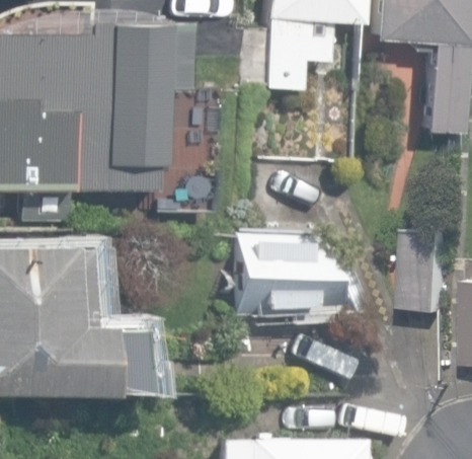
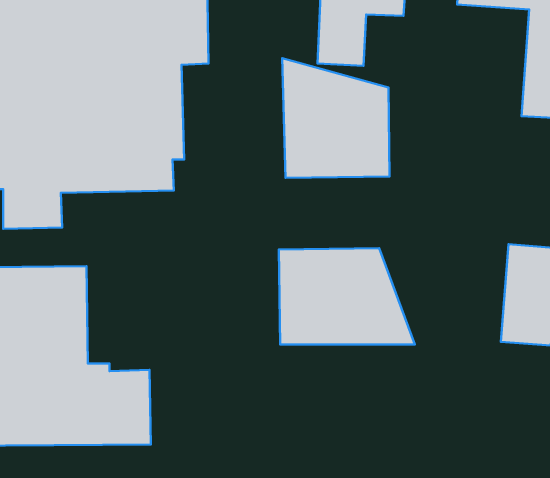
building: none -> [282,58,390,178]

